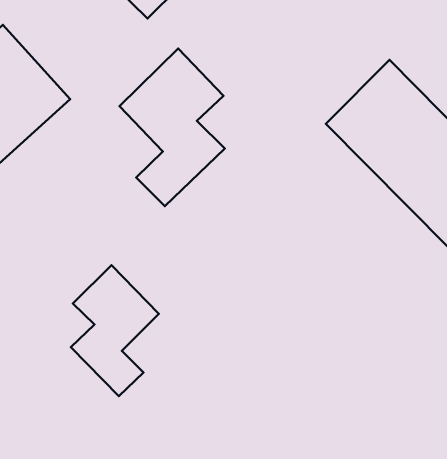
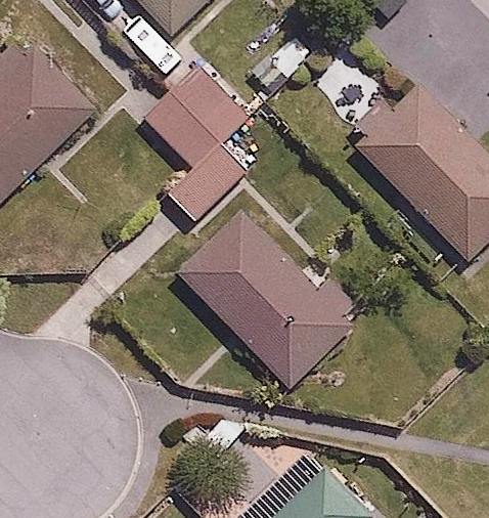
building: none -> [177,207,365,389]
building: [71,265,159,396] -> none

